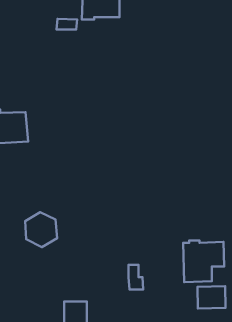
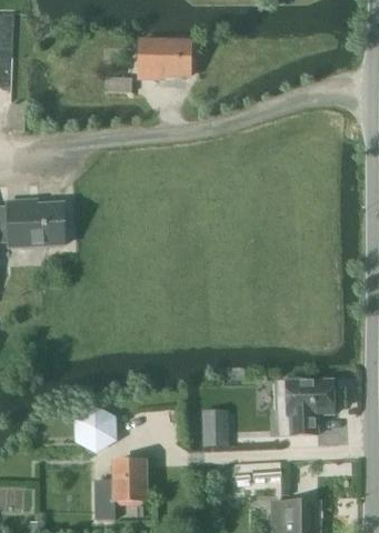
building: [25,212,57,247] -> [73,404,117,452]
building: [198,286,226,308] -> none

